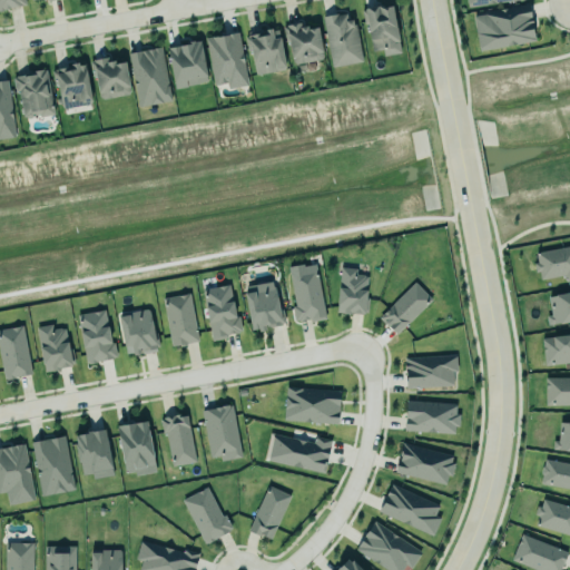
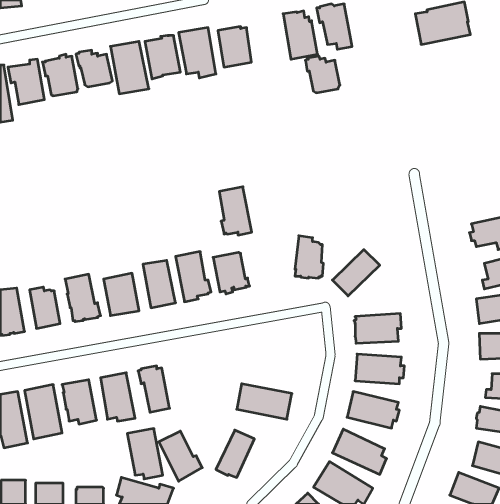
building: [285,22,324,63] -> [305,56,340,93]
building: [291,267,327,322] -> [219,187,252,235]
building: [285,386,341,423] -> none
building: [203,404,243,461] -> [127,429,163,479]

